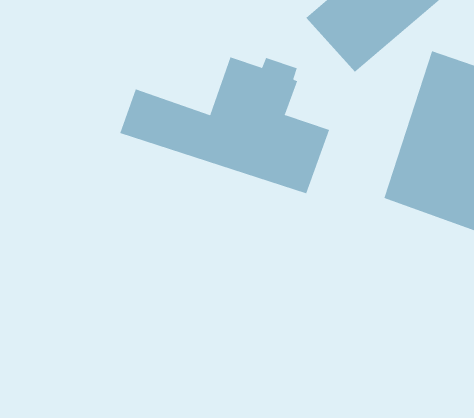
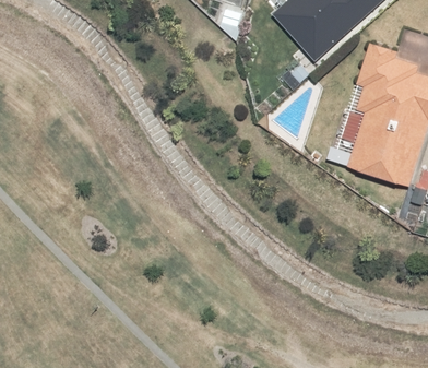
building: [119,56,330,194] -> none

